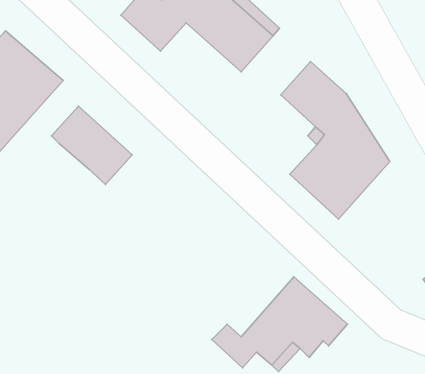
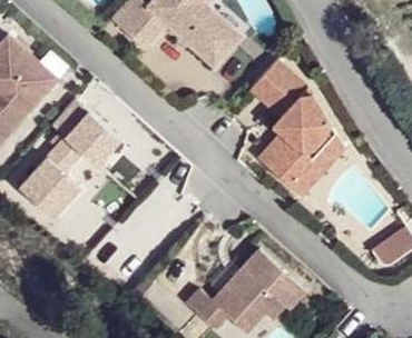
building: none -> [17,132,82,221]

